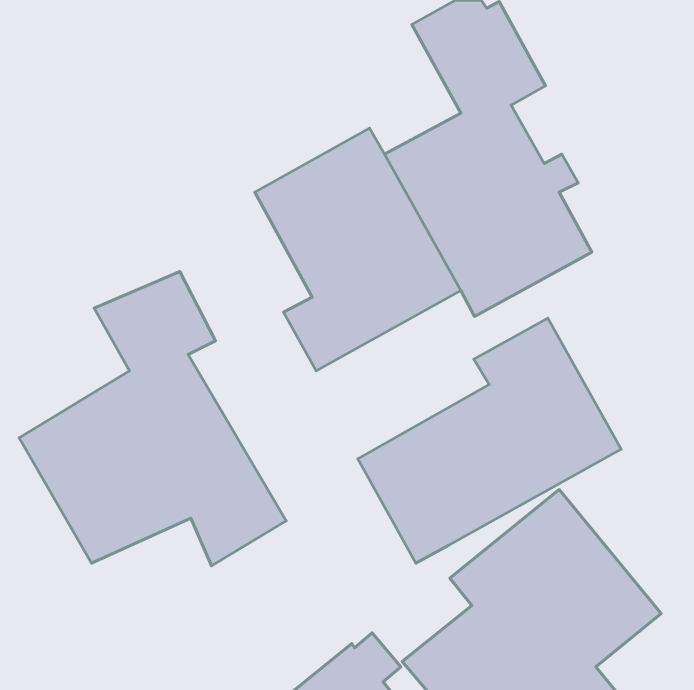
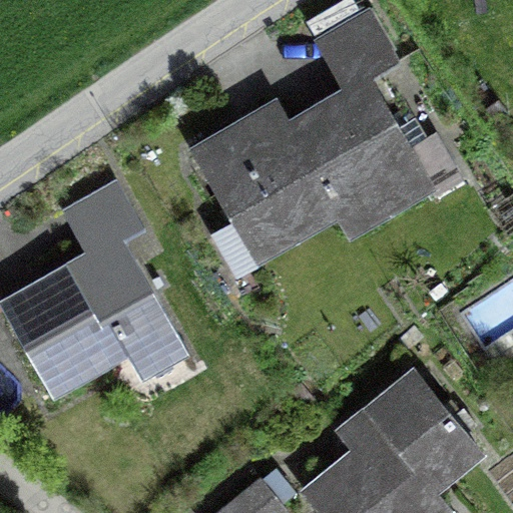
building: [358,318,621,563] -> none

